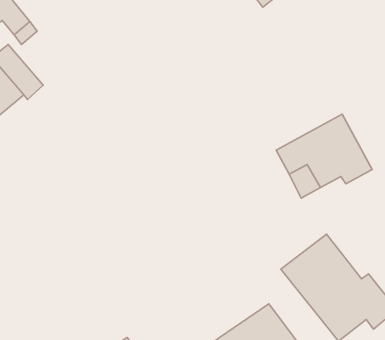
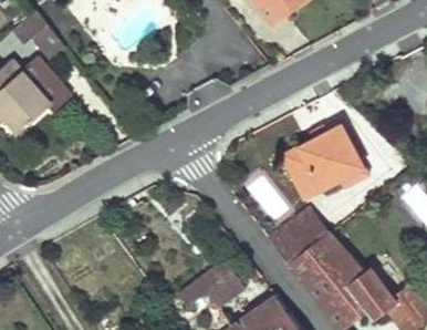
building: none -> [269,207,330,264]
building: none -> [176,259,243,308]

